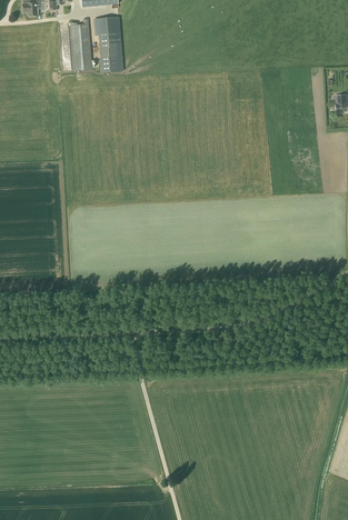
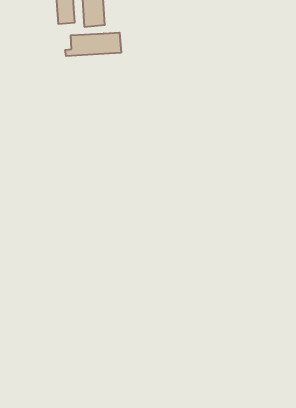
building: none -> [65,33,121,56]

